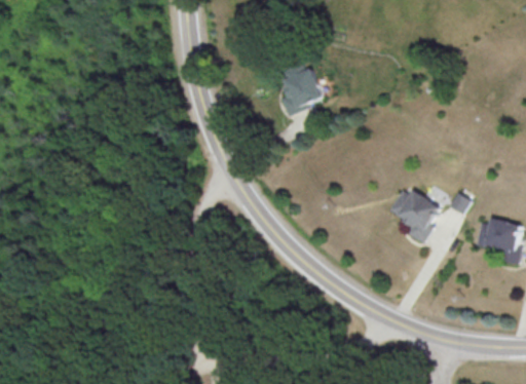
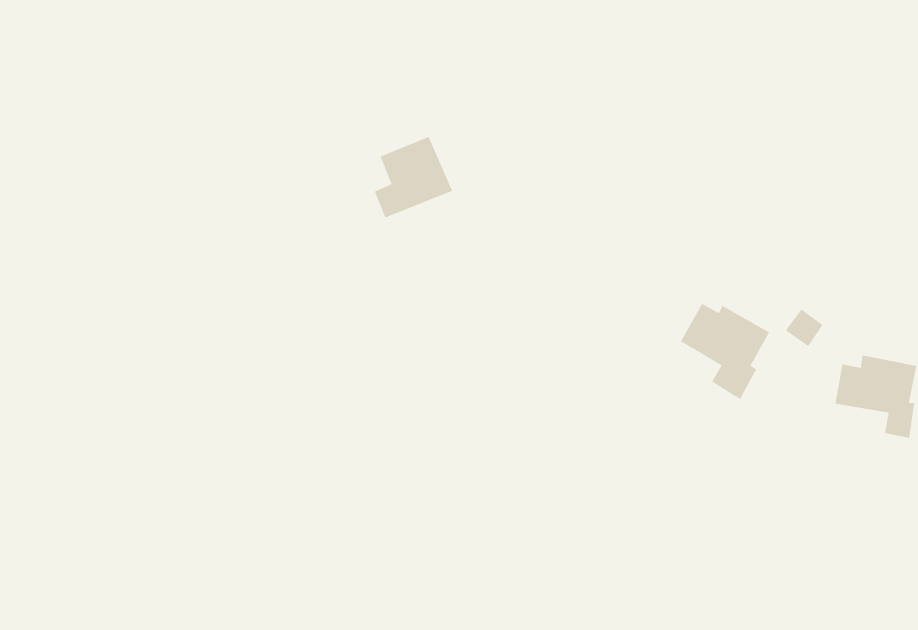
building: [281,68,326,114] -> [374,136,453,219]

